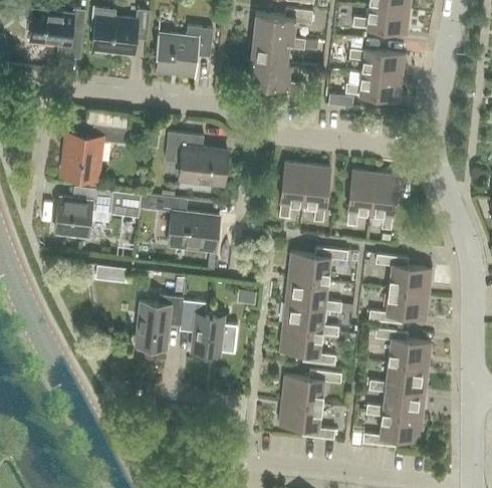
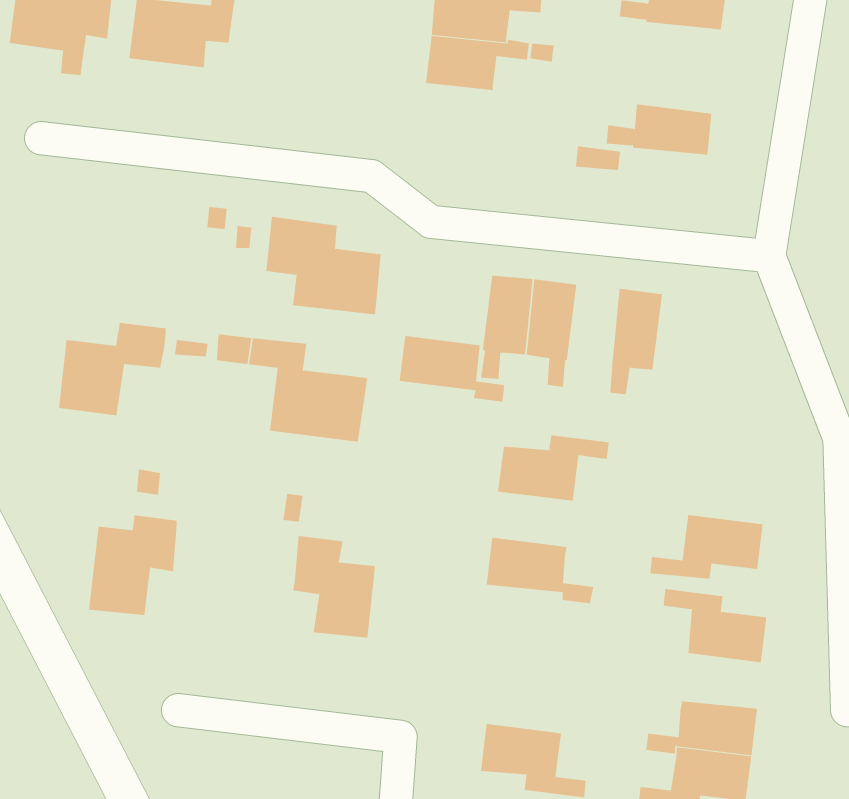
building: [156,26,213,75] -> none
building: [349,49,405,77] -> none
building: [247,61,304,96] -> none
building: [62,121,132,179] -> none
building: [371,173,398,229] -> none
building: [376,254,432,294] -> none
building: [285,277,341,312] -> [399,336,505,402]
building: [136,295,183,348] -> [88,515,178,616]
building: [279,326,335,364] -> none
building: [370,362,428,392] -> none
building: [282,371,341,405] -> none

